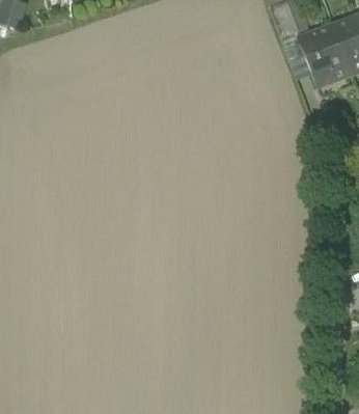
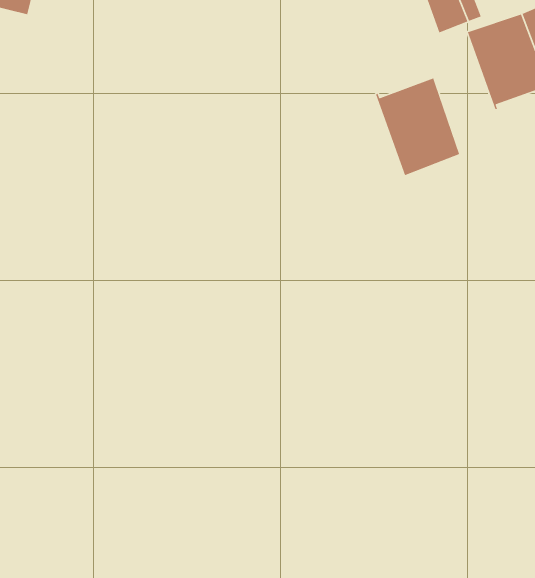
building: none -> [375,72,460,176]

